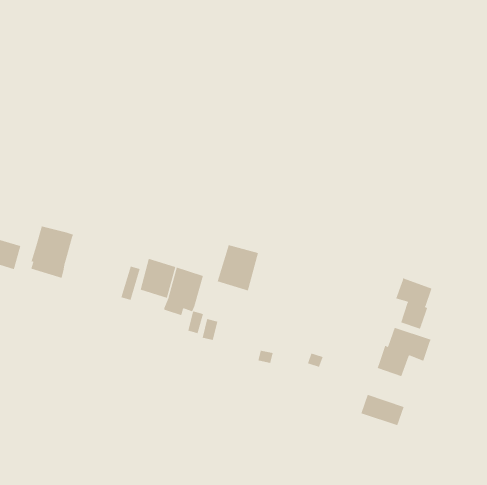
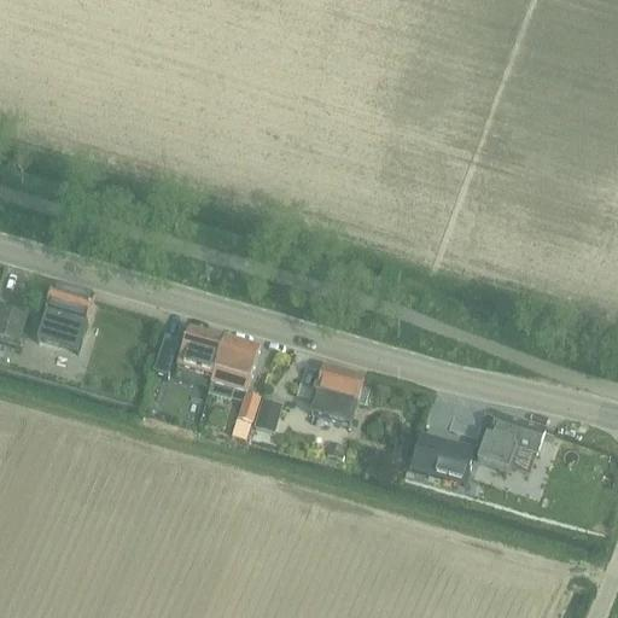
building: [217,244,259,291] -> [308,366,361,425]
building: [395,278,432,330] -> none
building: [360,394,404,426] -> [413,438,468,478]

